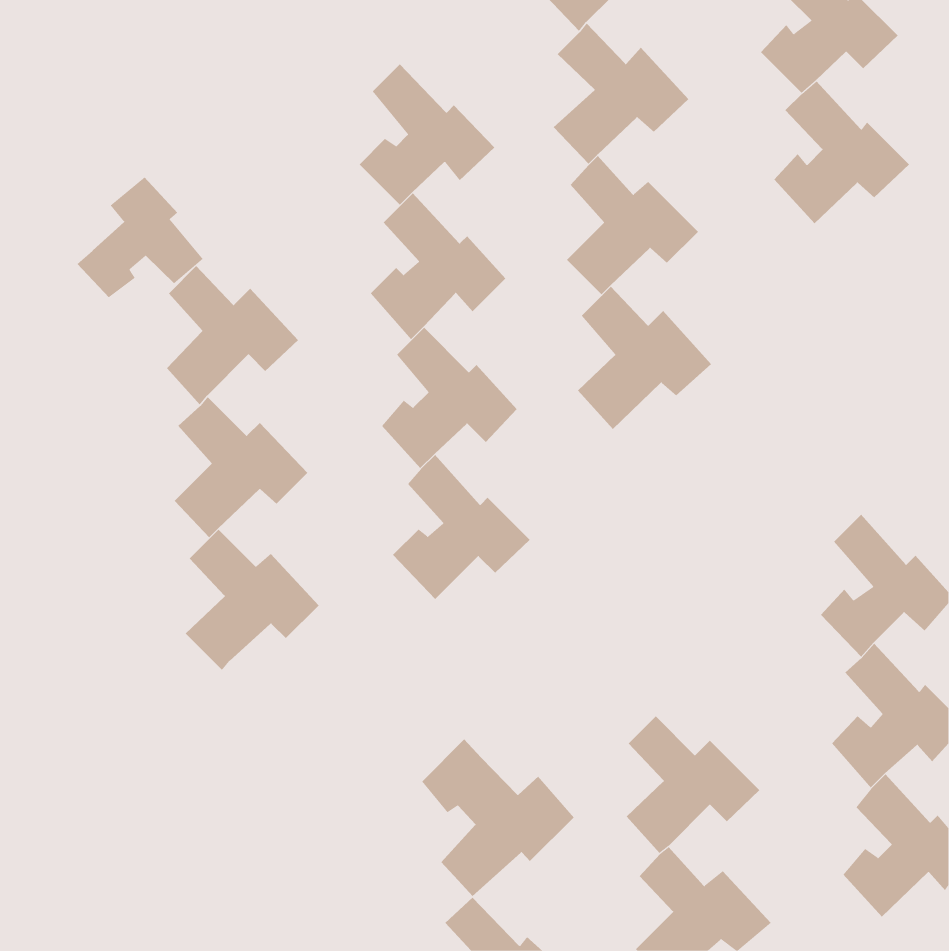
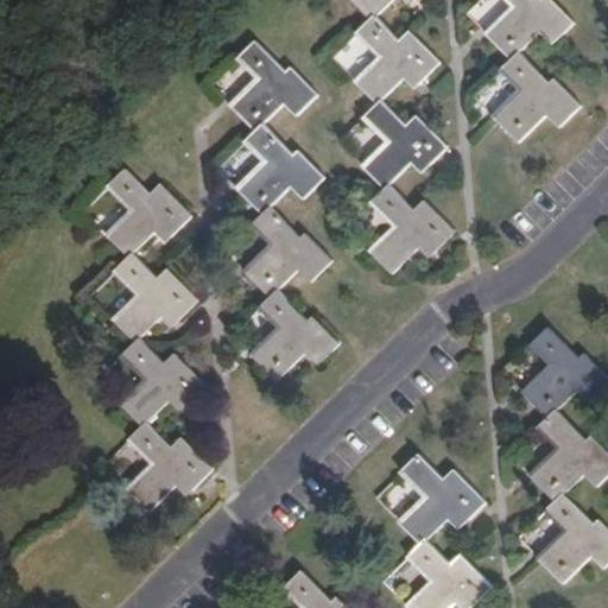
building: [77,177,203,298] -> none
building: none -> [126,420,211,509]
building: [422,739,575,897] -> none

